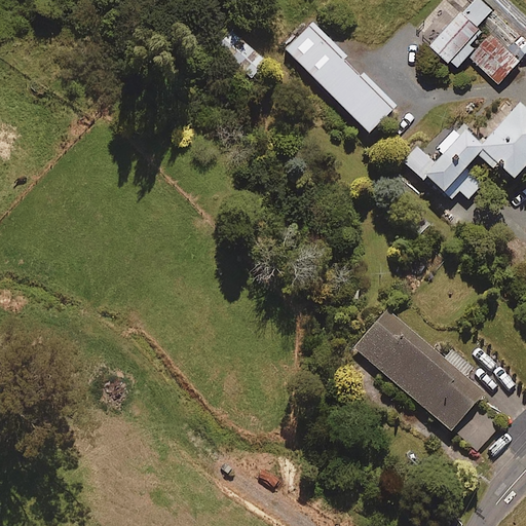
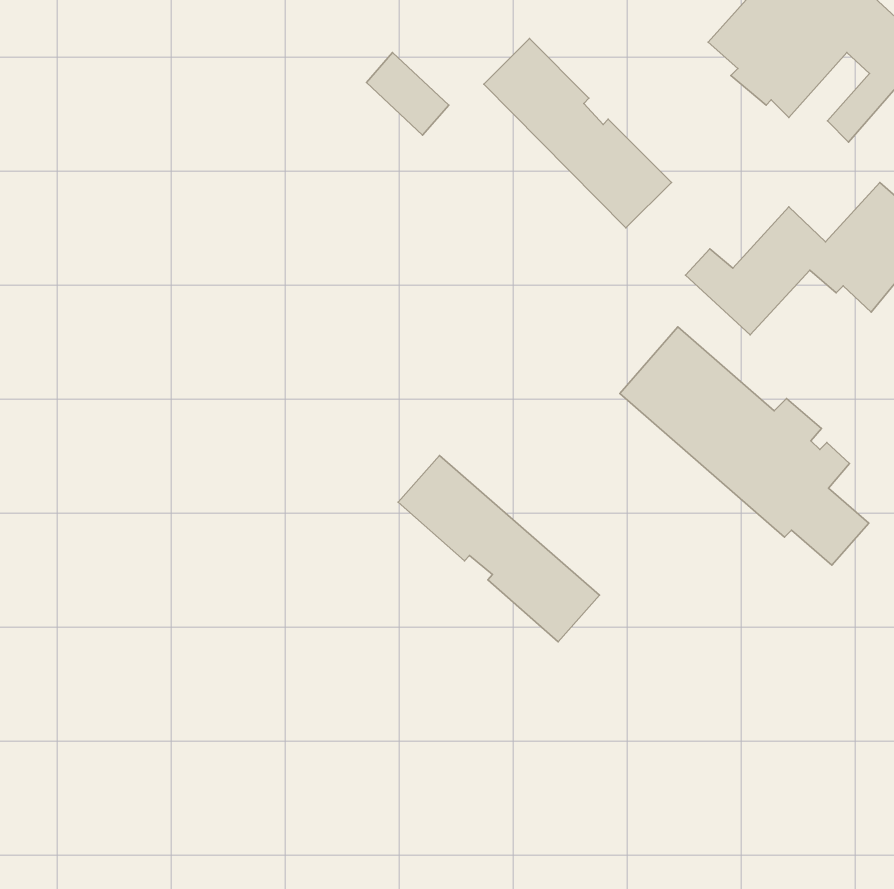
building: none -> [398,456,599,642]
building: [353,308,499,448] -> [620,327,869,565]

